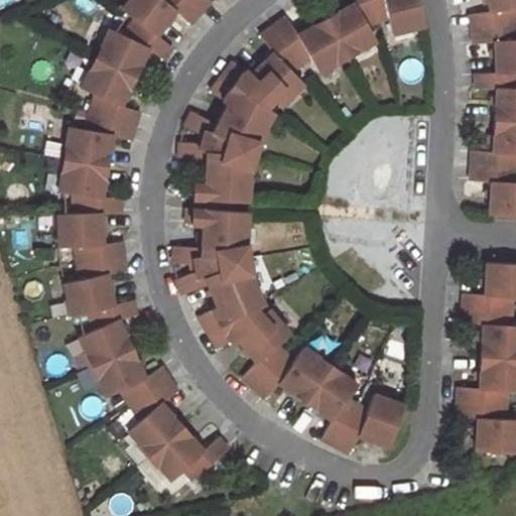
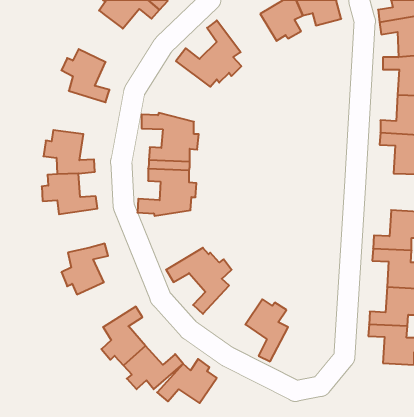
building: [272,17,346,72] -> none
building: [102,20,172,78] -> none
building: [185,77,265,151] -> none
building: [67,113,135,166] -> none
building: [66,258,127,315] -> none
building: [177,260,258,334] -> none
building: [255,347,329,401] -> [157,359,217,403]
building: [100,349,172,404] -> none
building: [338,393,405,453] -> none

